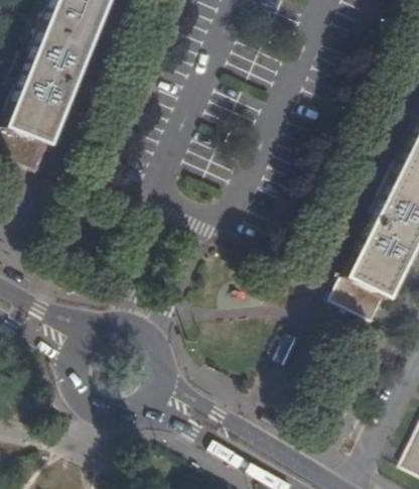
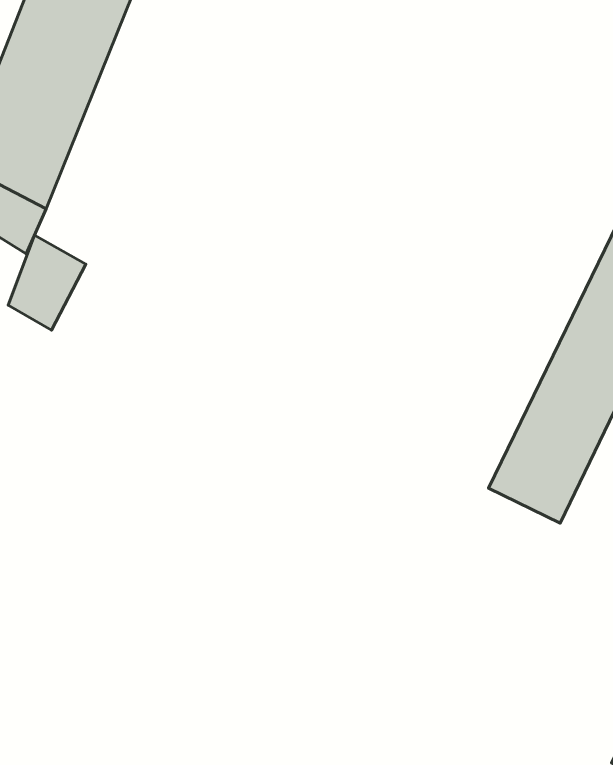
building: none -> [8,235,86,330]

